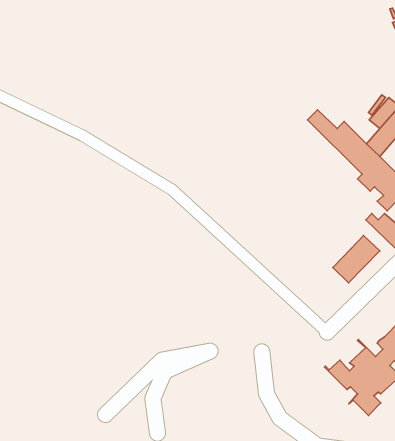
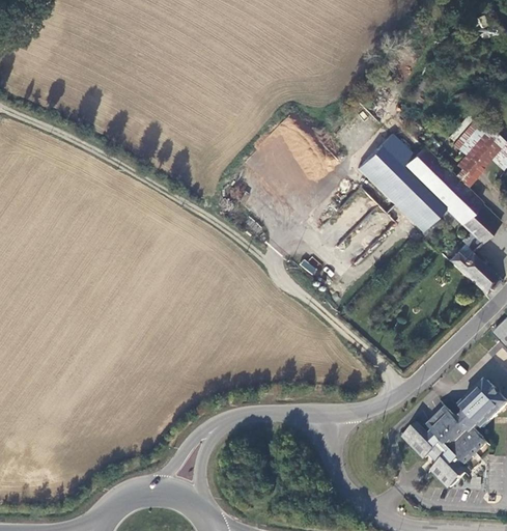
building: none -> [361,145,444,227]
building: [333,236,380,283] -> none

